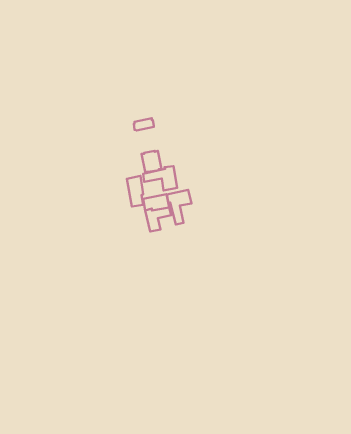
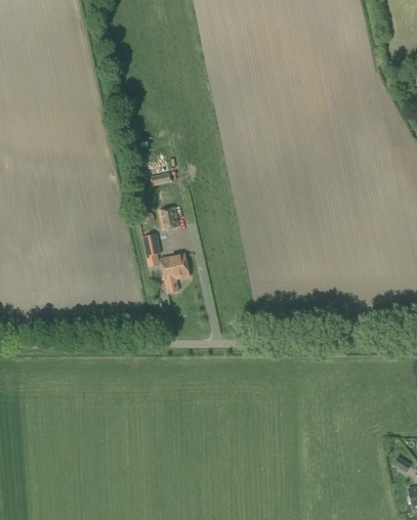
building: [143,166,177,191] -> none
building: [167,190,191,224] -> none

